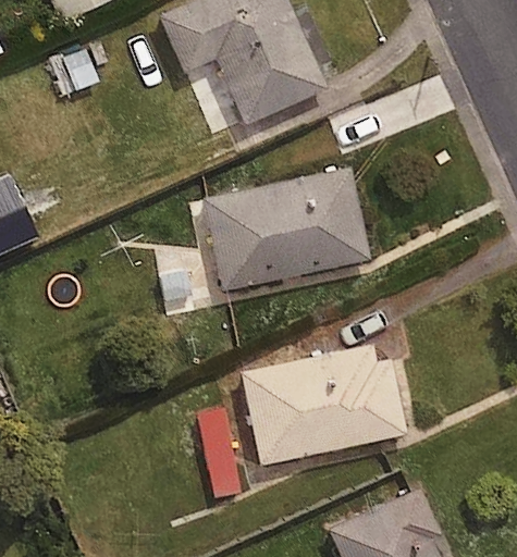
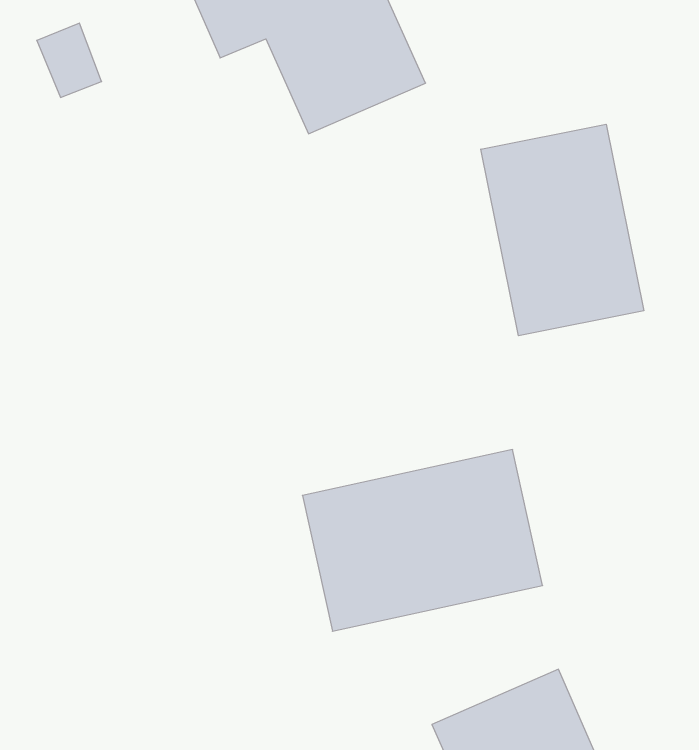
building: none -> [481,124,644,336]
building: [204,170,368,290] -> none

